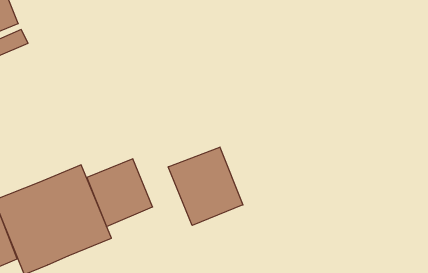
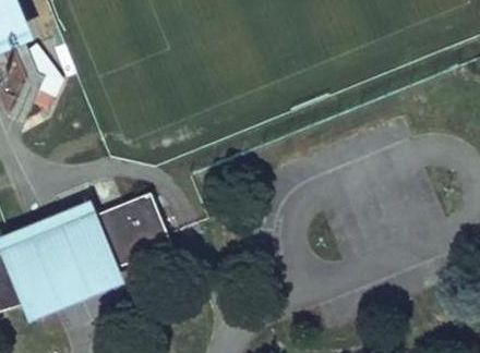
building: [168,147,243,225] -> none

